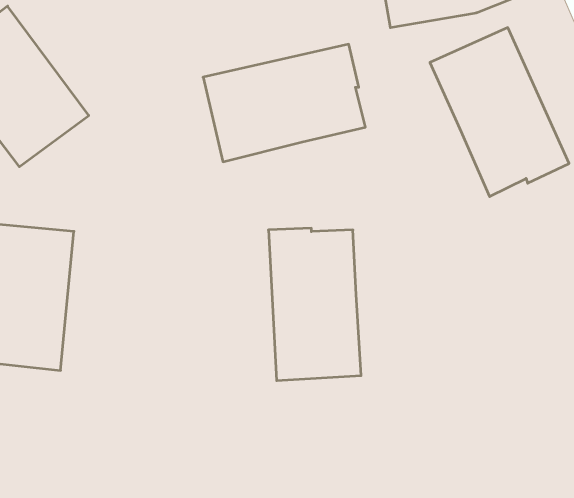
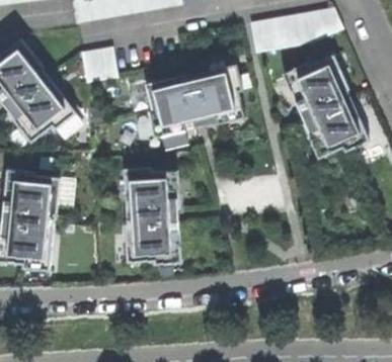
building: none -> [82,47,119,82]
building: [268,228,361,381] -> [121,166,177,259]

